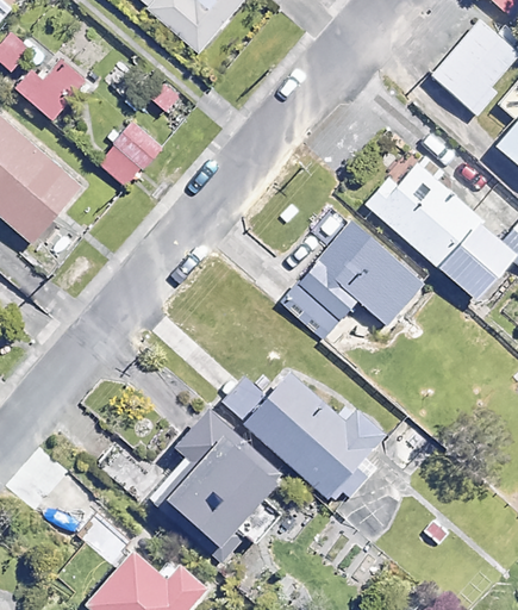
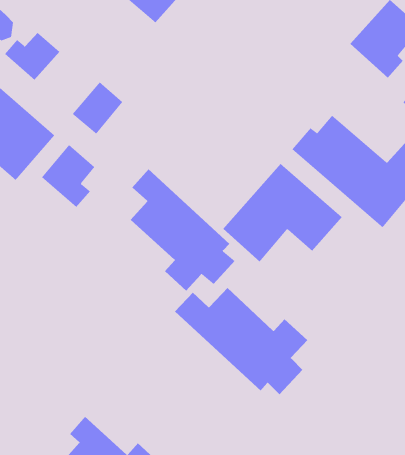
building: none -> [41,144,95,208]
building: none -> [130,169,235,292]
building: [157,409,282,544] -> none

